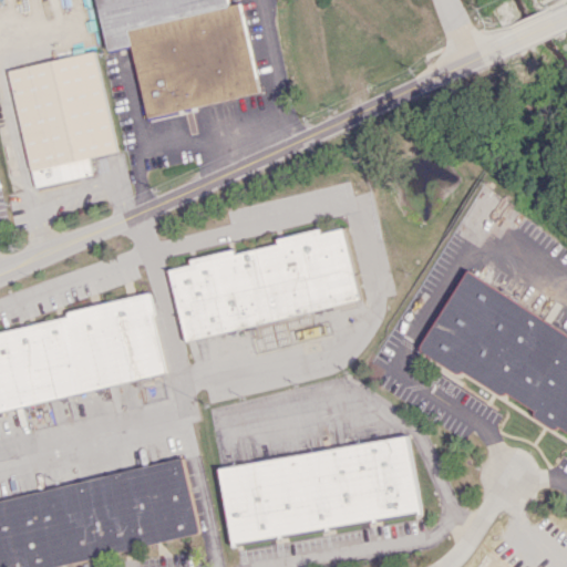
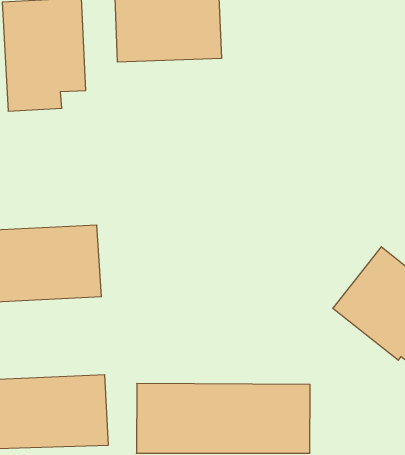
building: [168,227,360,338] -> none

